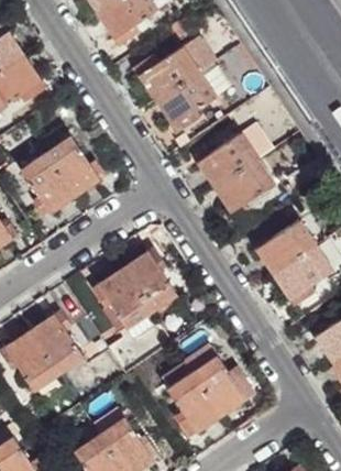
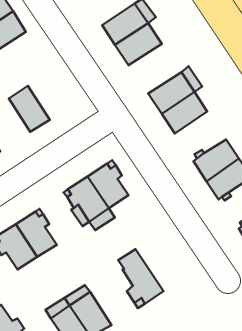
building: [44,136,99,197] -> none
building: [183,344,255,417] -> none

